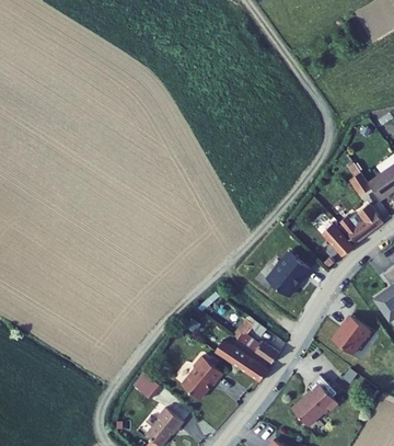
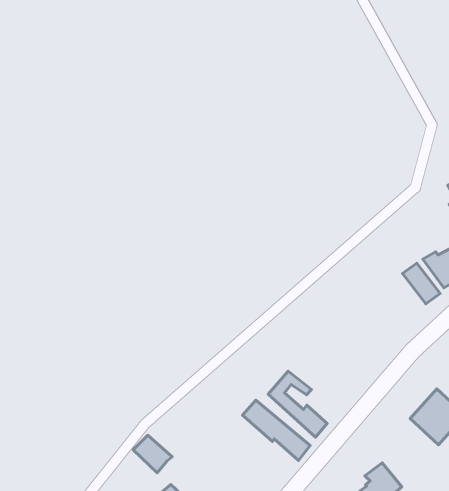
building: [263,251,306,295] -> none
building: [179,355,221,399] -> none

